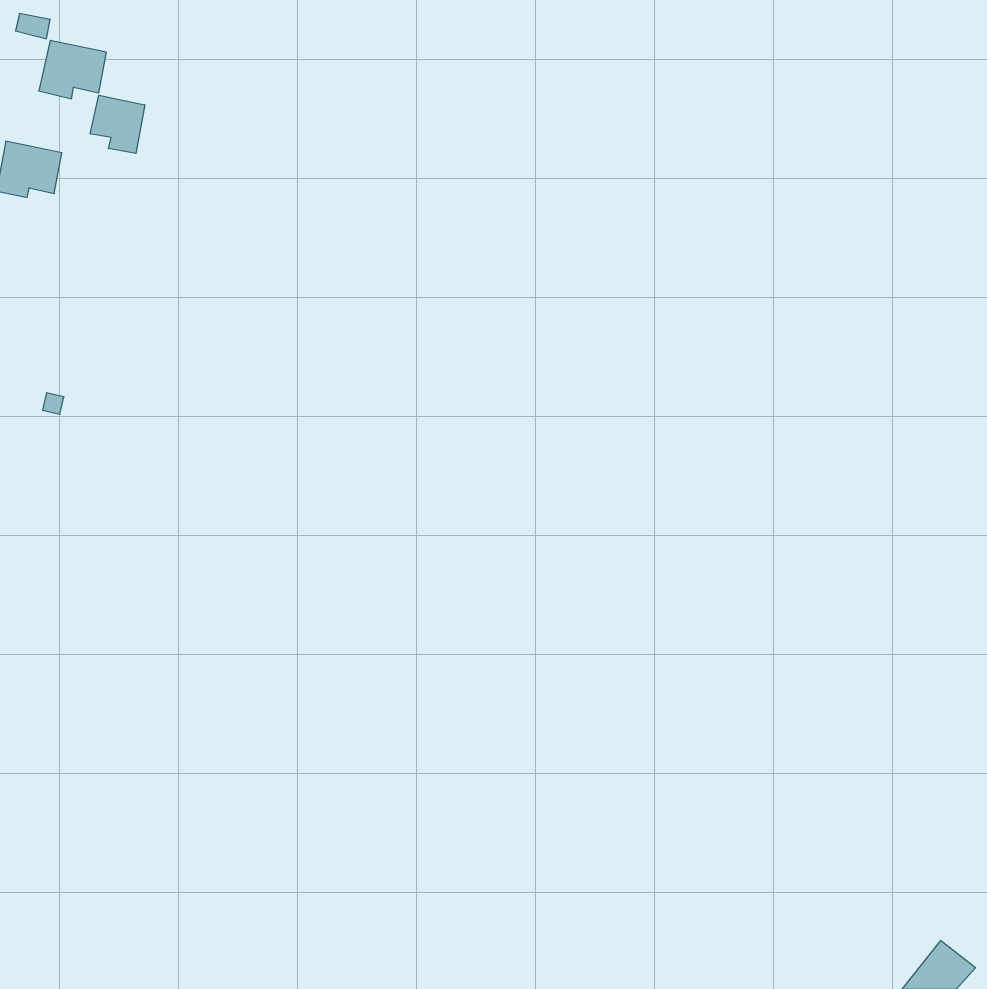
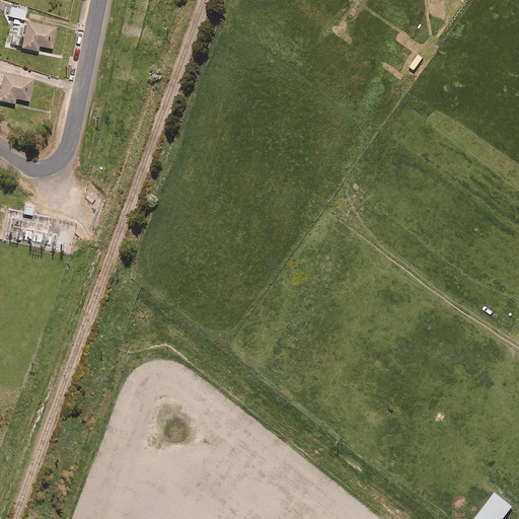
building: [90,95,145,153] -> none

